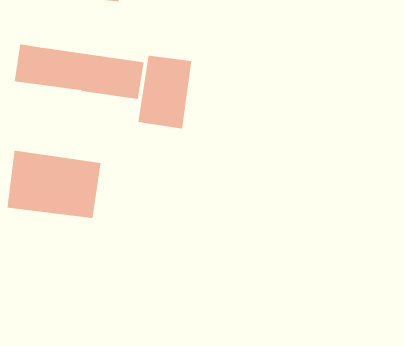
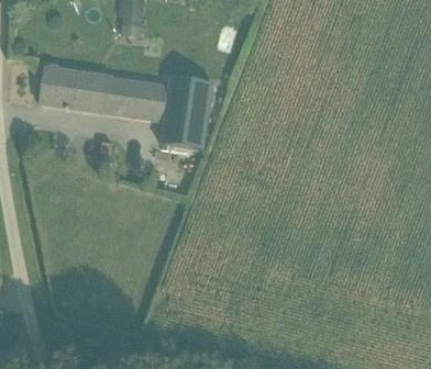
building: [7,150,101,219] -> none

